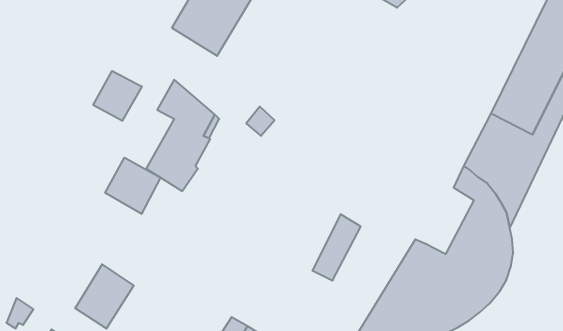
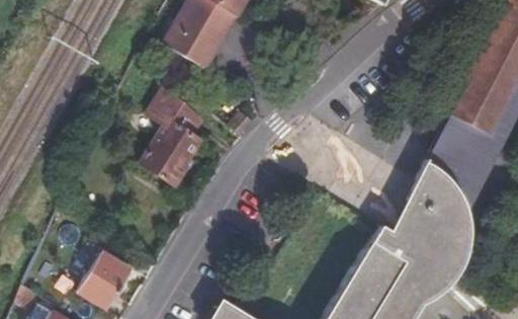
building: [93,71,142,121] -> none
building: [105,158,161,214] -> none
building: [312,214,361,281] -> [393,182,436,242]

